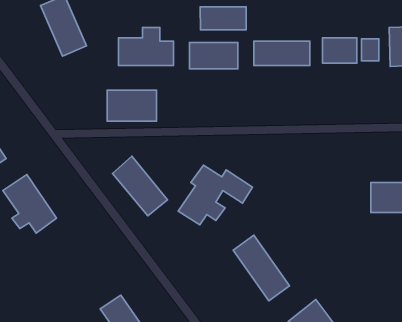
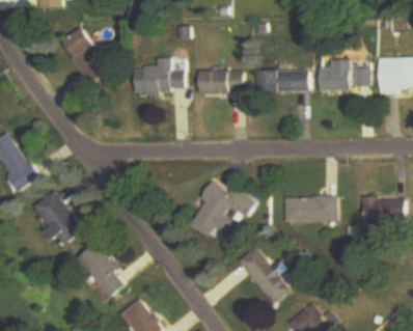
building: [200,7,246,30] -> none
building: [107,90,157,121] -> none
building: [112,156,167,216] -> [74,242,123,296]
building: none -> [285,195,337,221]

